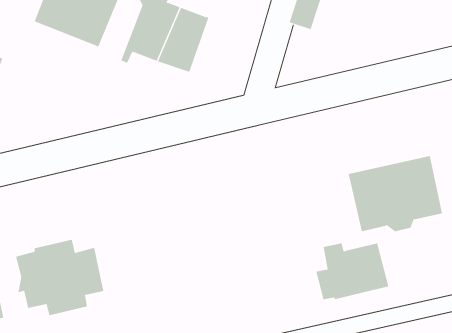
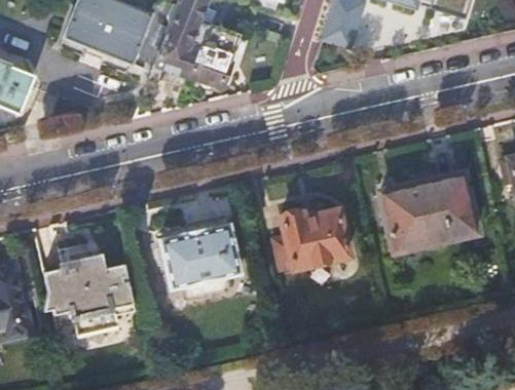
building: none -> [159,217,243,289]
building: [316,243,389,300] -> [274,210,348,268]

